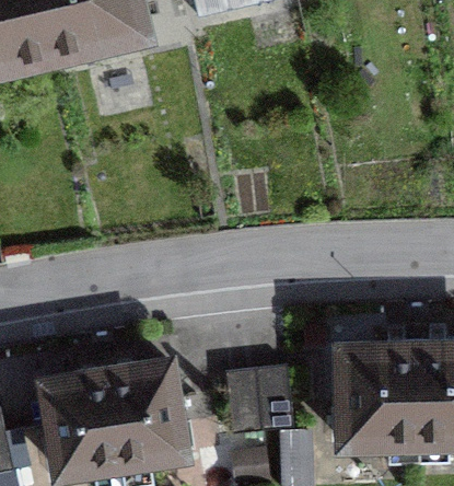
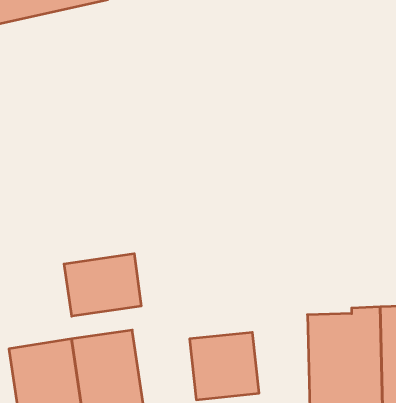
building: none -> [64,254,141,316]

